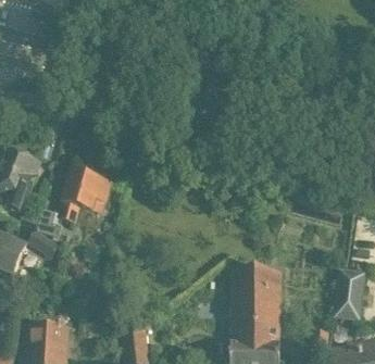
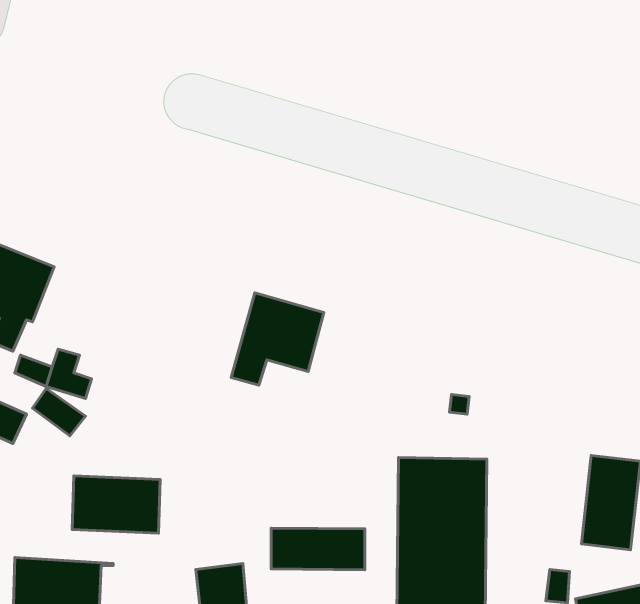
building: [58,167,109,218] -> [231,293,324,385]
building: none -> [72,476,160,533]
building: none -> [271,528,365,570]

